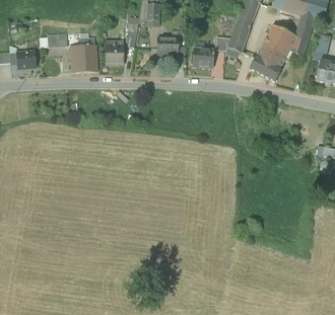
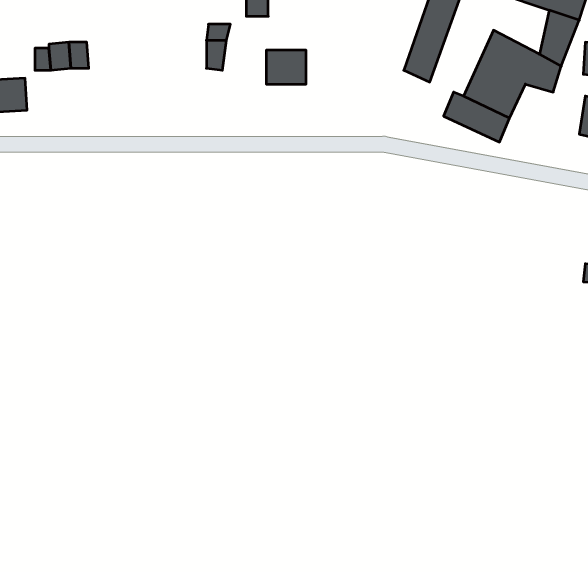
building: [70,31,97,71] -> none
building: [105,40,124,63] -> none
building: [193,48,214,67] -> none

